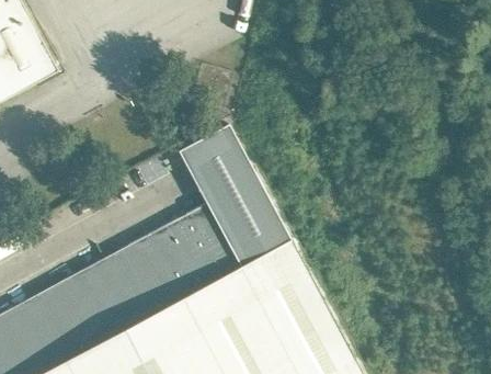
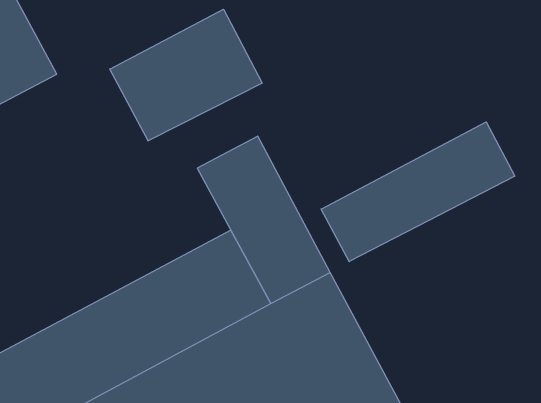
building: none -> [110,9,262,141]
building: none -> [321,122,515,262]

